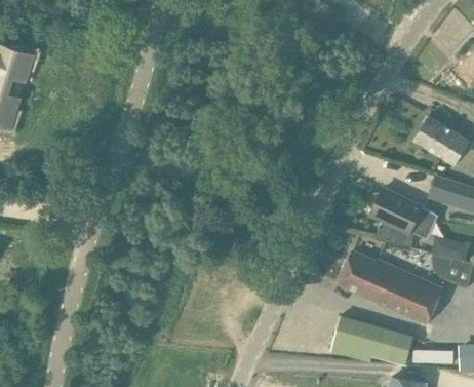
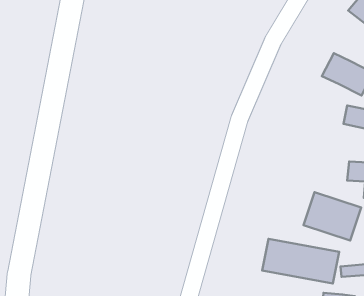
building: [369,190,436,247] -> none
building: [339,253,393,302] -> none

